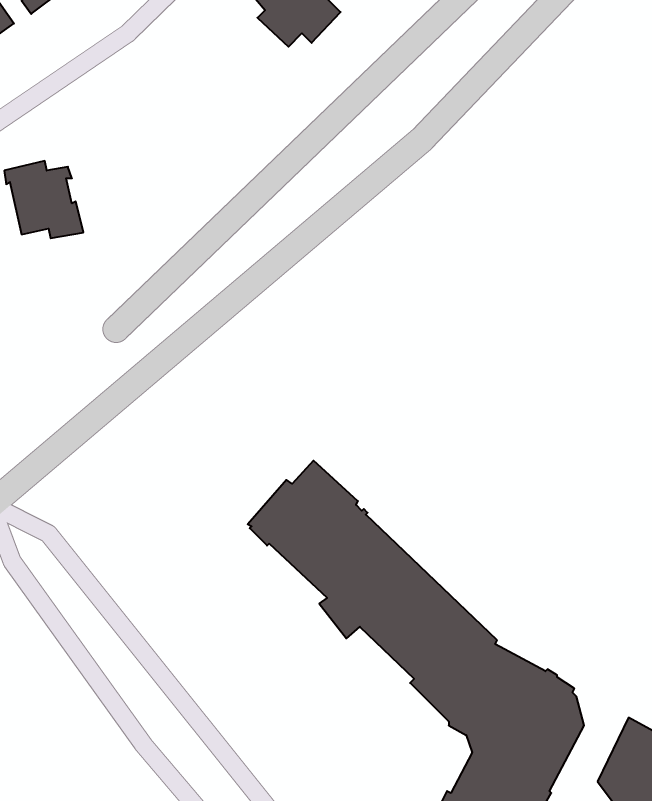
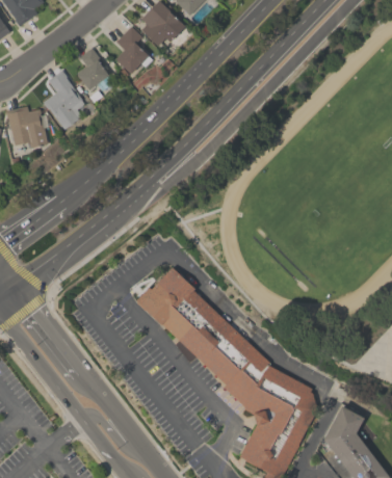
building: none -> [116,26,152,74]
building: none -> [78,49,109,90]
building: none -> [43,70,85,129]

